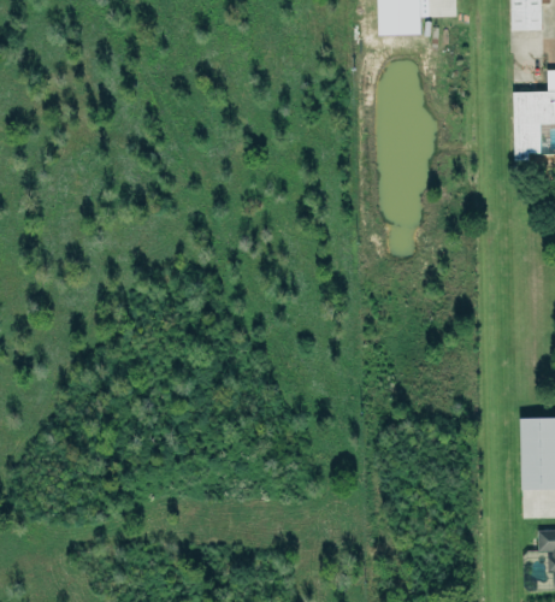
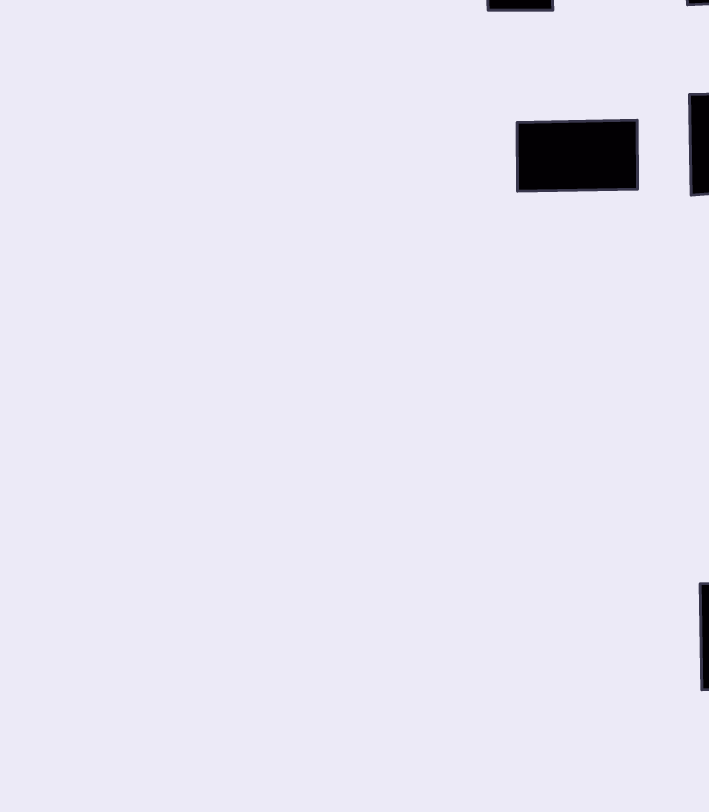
building: none -> [517,120,638,191]

